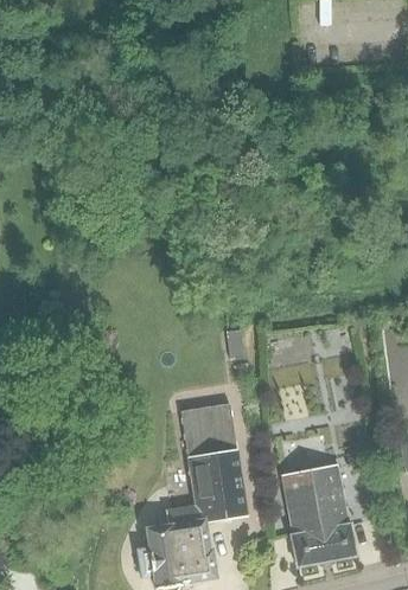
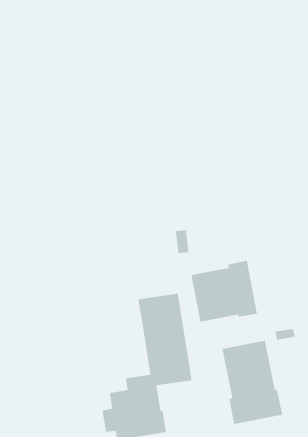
building: none -> [191,260,258,322]

